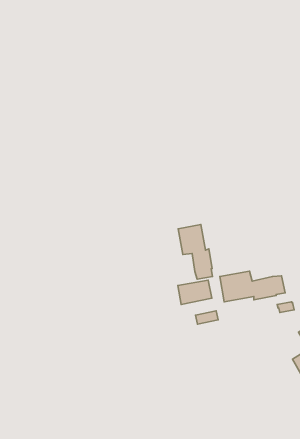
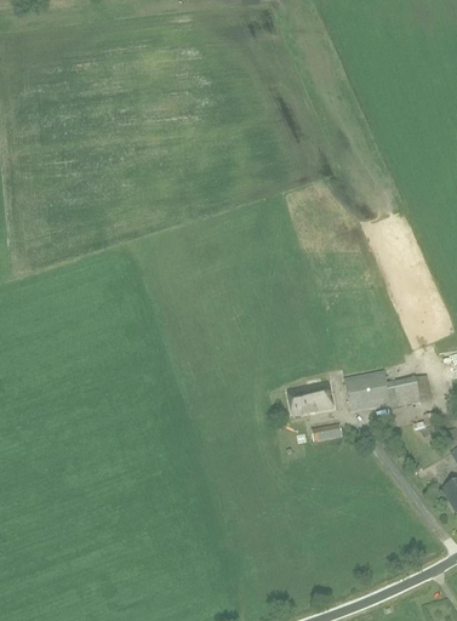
building: [178,224,213,279] -> none

